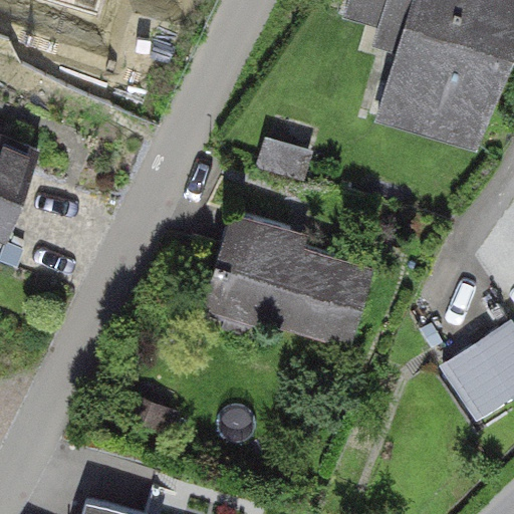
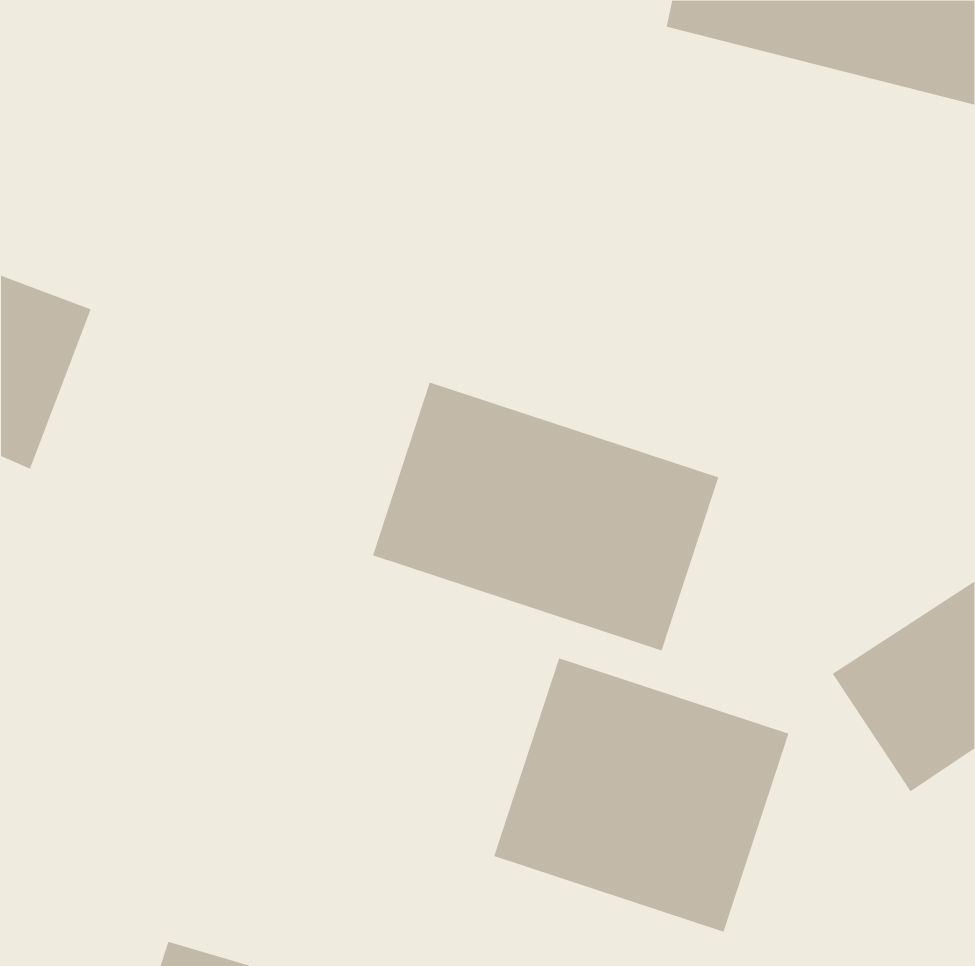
building: [369,36,501,179] -> none
building: none -> [493,657,789,932]

